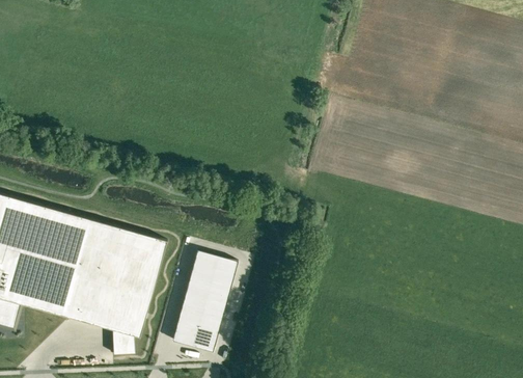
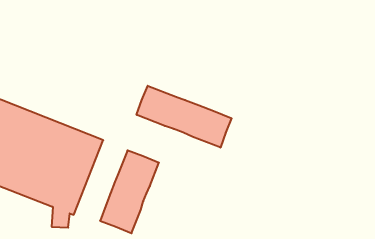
building: none -> [137,86,232,148]

